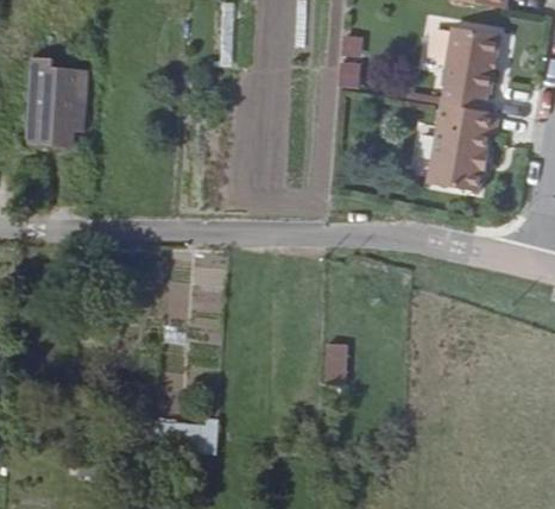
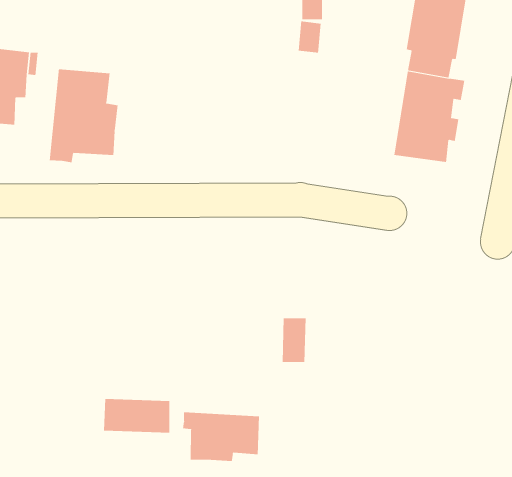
building: none -> [49,69,118,163]
building: none -> [183,412,260,462]

